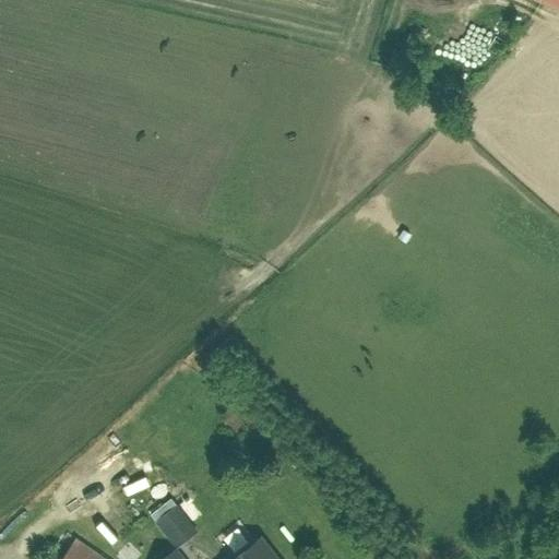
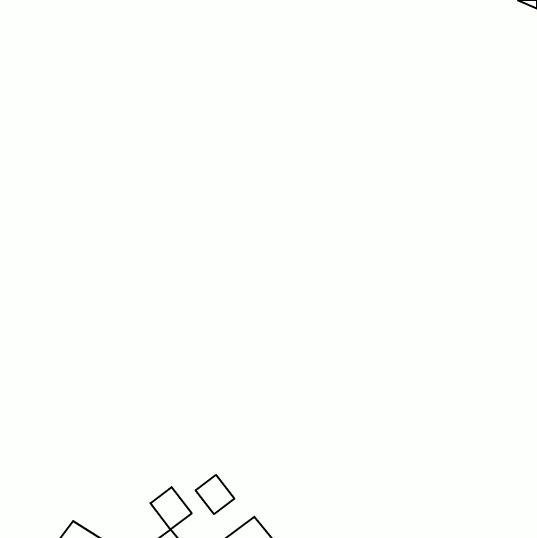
building: none -> [196,475,234,514]

